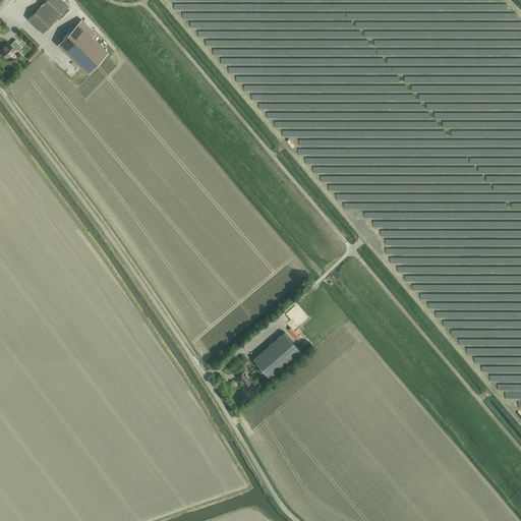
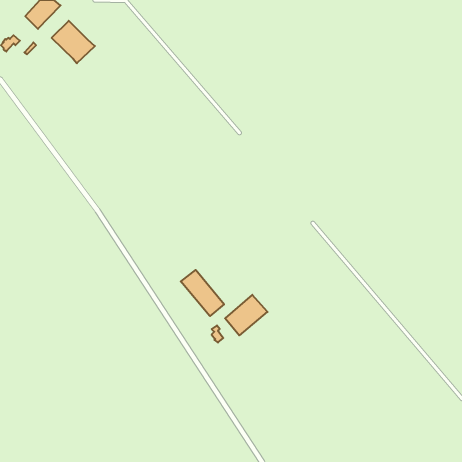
building: none -> [181,270,224,316]

